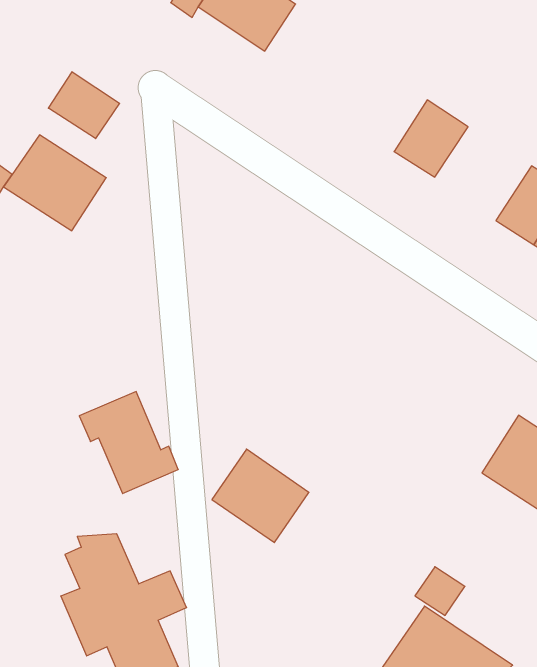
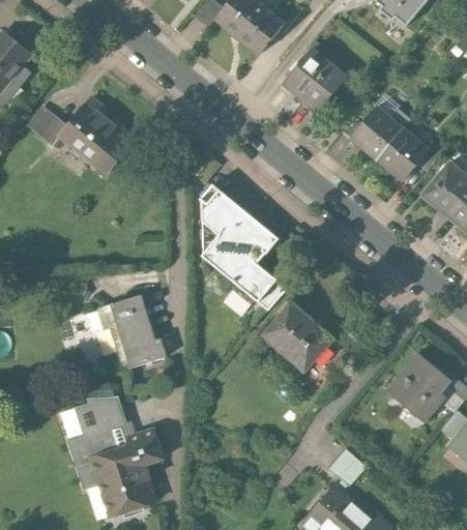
building: none -> [283,48,349,114]
building: [48,72,120,139] -> none
building: none -> [376,127,432,183]
building: none -> [202,185,287,312]
building: [212,449,309,543] -> [263,302,334,373]

